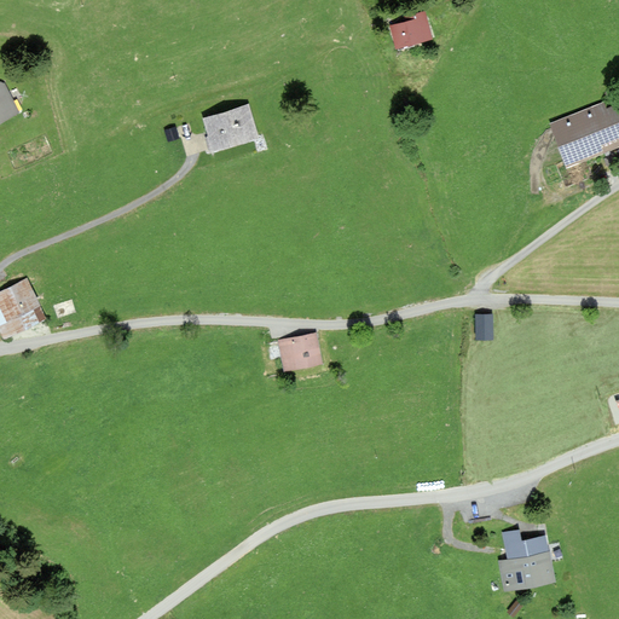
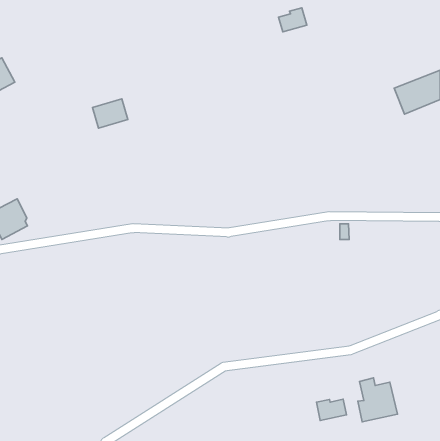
building: [204,105,254,146] -> [92,99,128,128]
building: [278,335,318,368] -> none
building: none -> [316,399,346,421]

